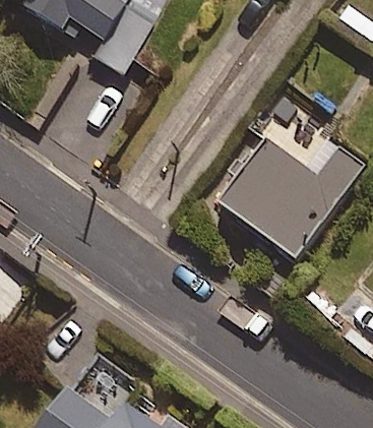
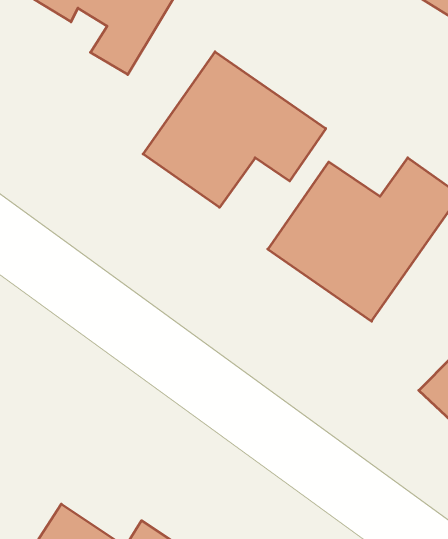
building: none -> [143,52,326,207]

